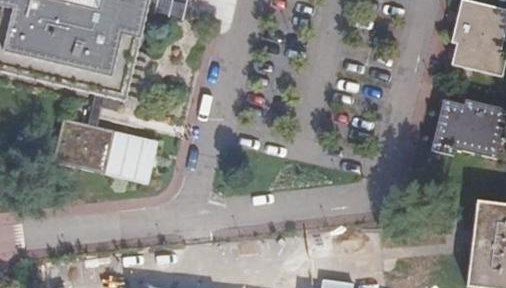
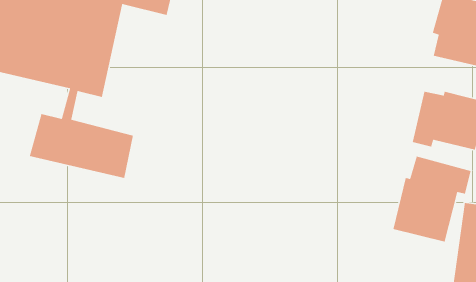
building: none -> [393,156,472,243]

